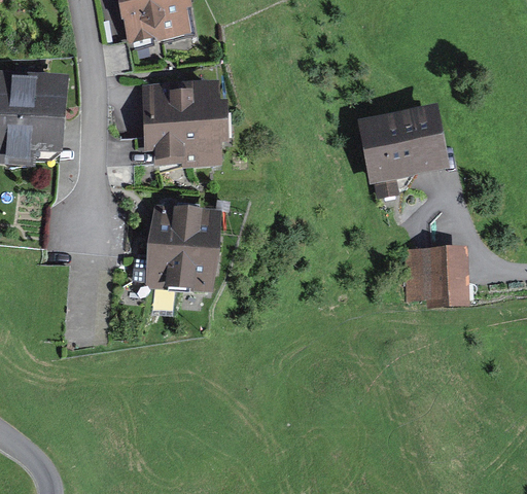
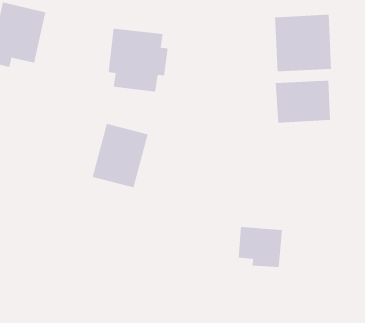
building: none -> [274,14,332,72]
building: [408,250,465,302] -> [238,226,283,268]

